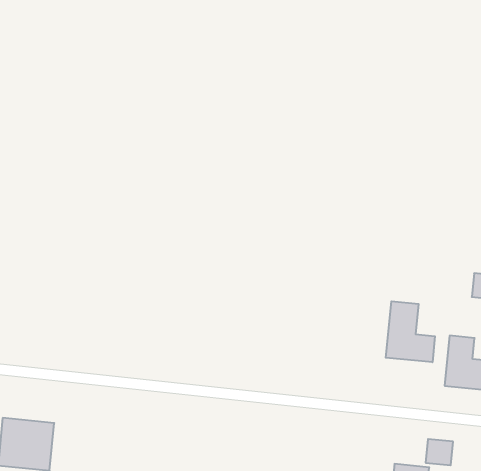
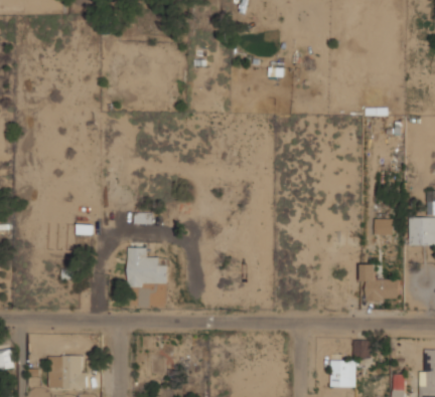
building: none -> [127,248,166,286]
building: [386,301,435,362] -> none

